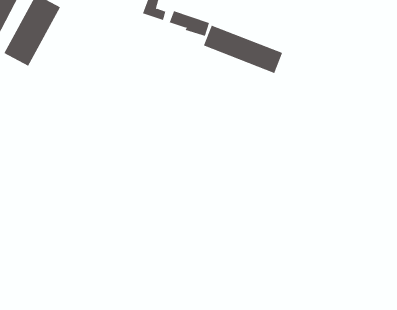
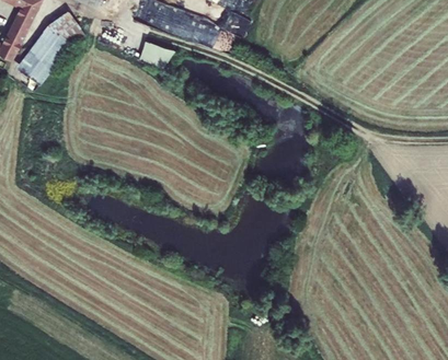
building: none -> [138,39,172,69]
building: [203,25,283,74] -> none

